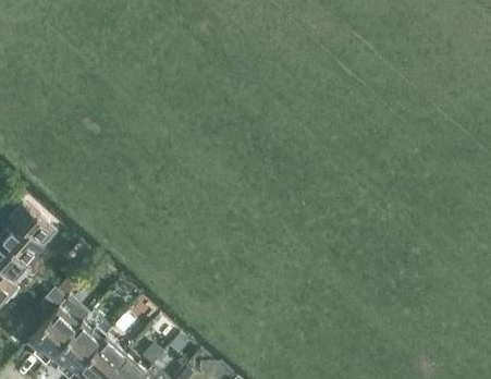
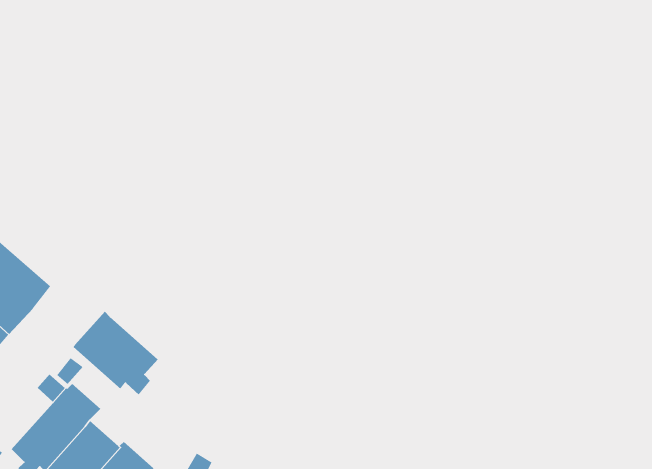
building: none -> [73,311,158,395]

